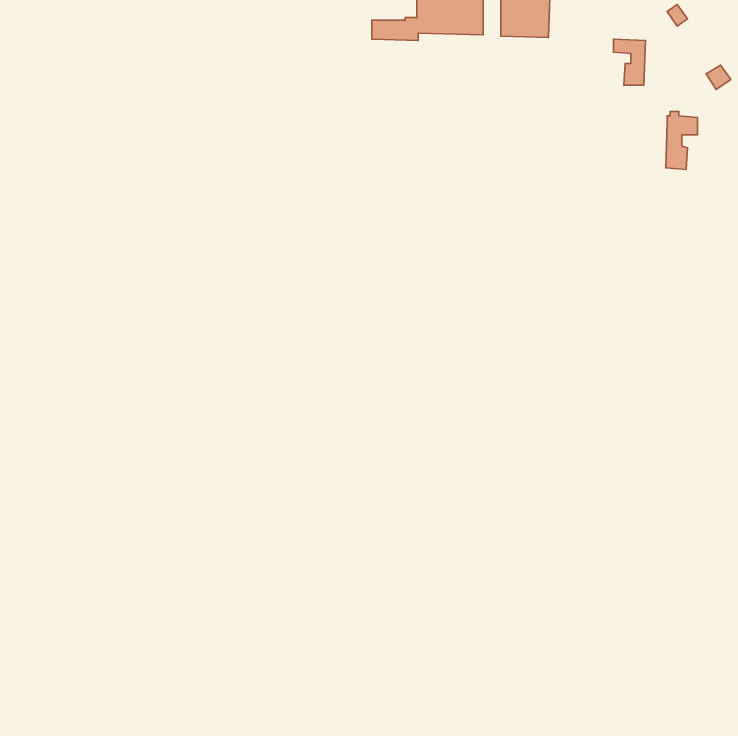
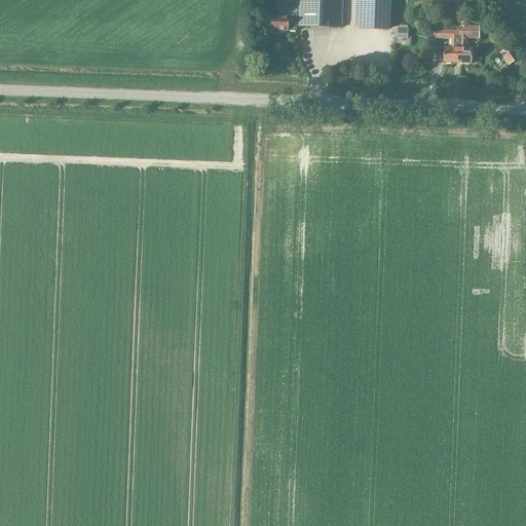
building: [666,112,698,169] -> [457,21,480,62]

